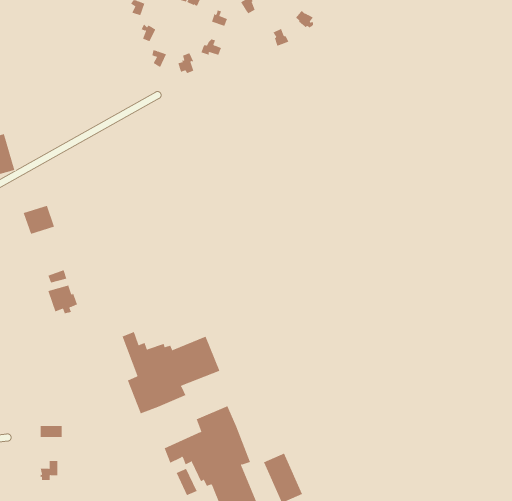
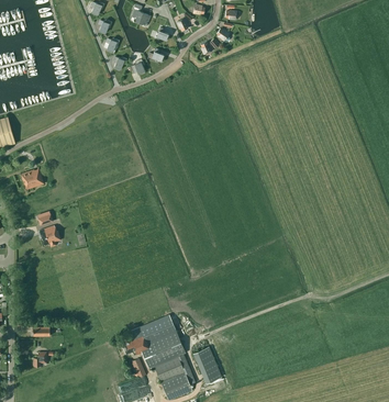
building: [122,331,220,414] -> none

